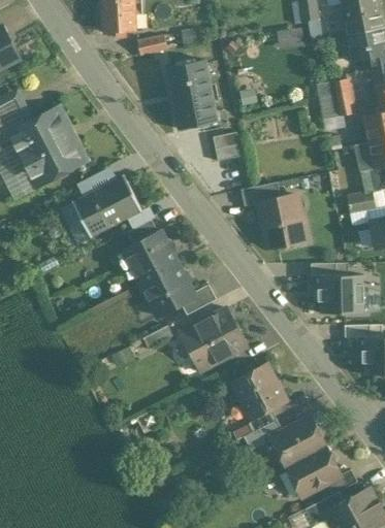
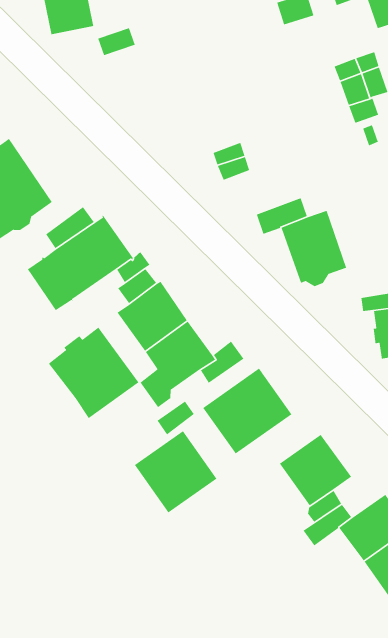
building: [166,59,217,128] -> none
building: none -> [48,327,139,419]
building: none -> [134,430,218,514]

